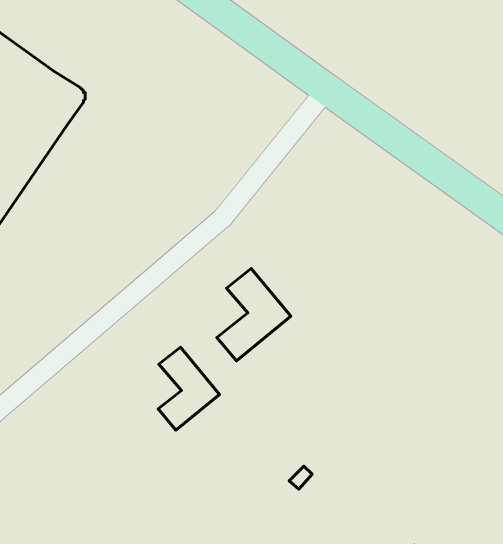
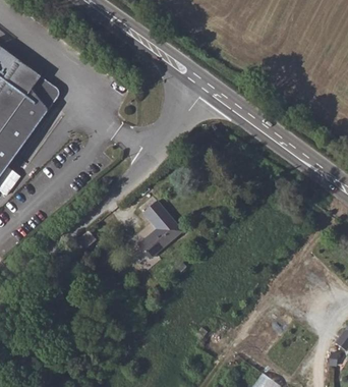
building: [158,347,220,430] -> none

